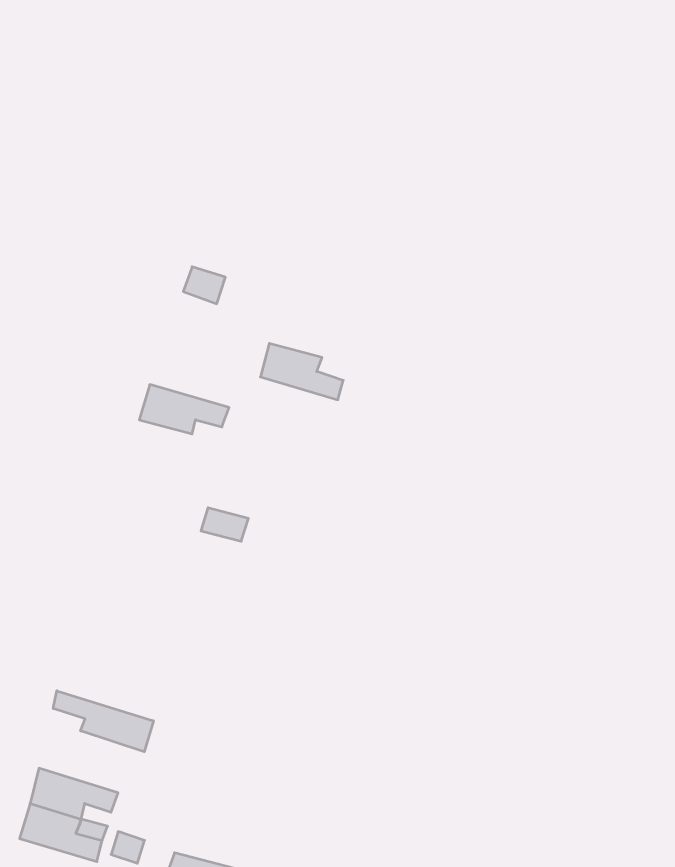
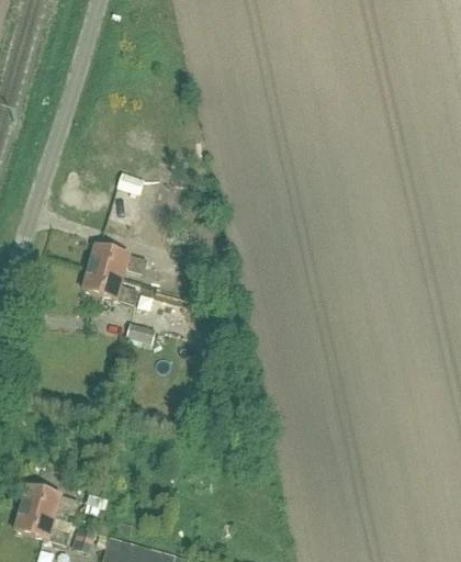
building: [260,343,343,400] -> [82,268,134,303]
building: [53,691,153,752] -> none

